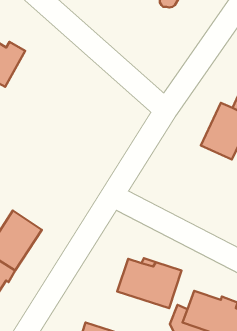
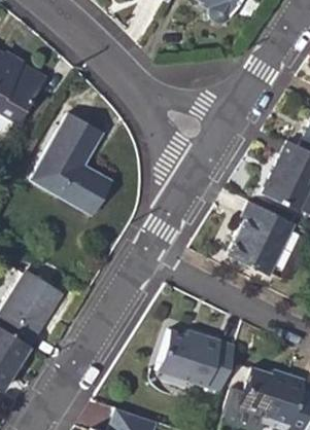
building: none -> [34,111,113,214]
building: none -> [217,198,290,281]

